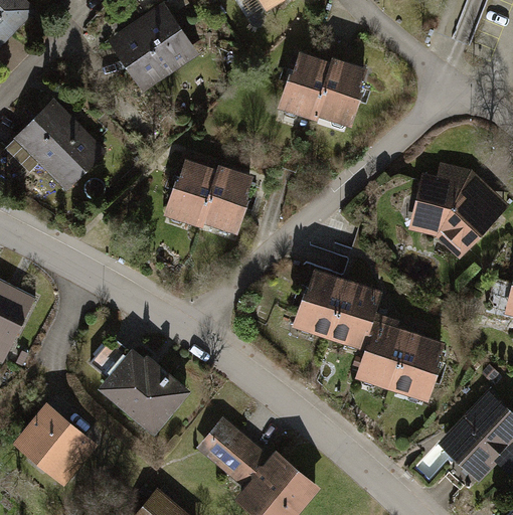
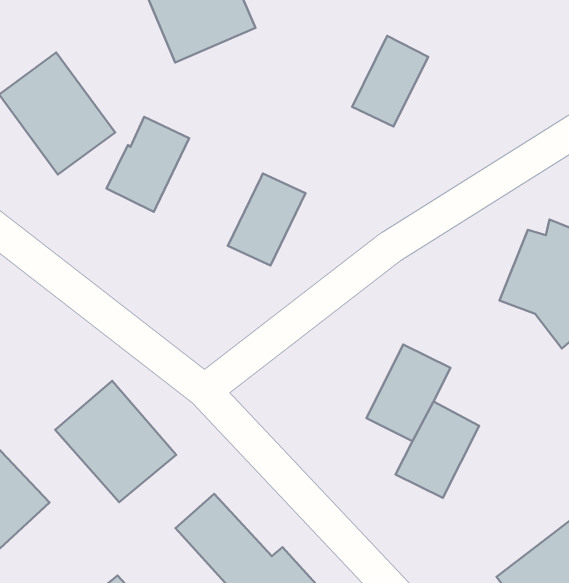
building: [312,61,365,129] -> none
building: [162,160,218,230] -> [107,117,189,212]
building: [291,270,344,340] -> none
building: [391,333,448,403] -> none

